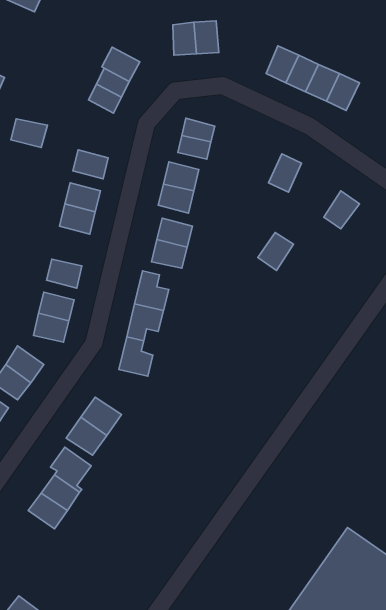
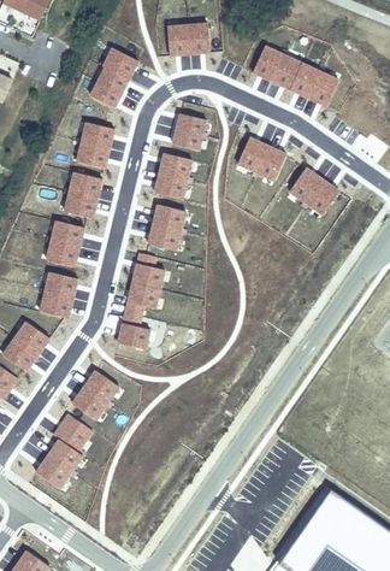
building: [11,119,48,148] -> [81,123,114,149]
building: none -> [237,137,267,172]
building: [258,232,293,270] -> [289,169,321,204]
building: none -> [57,222,89,248]

